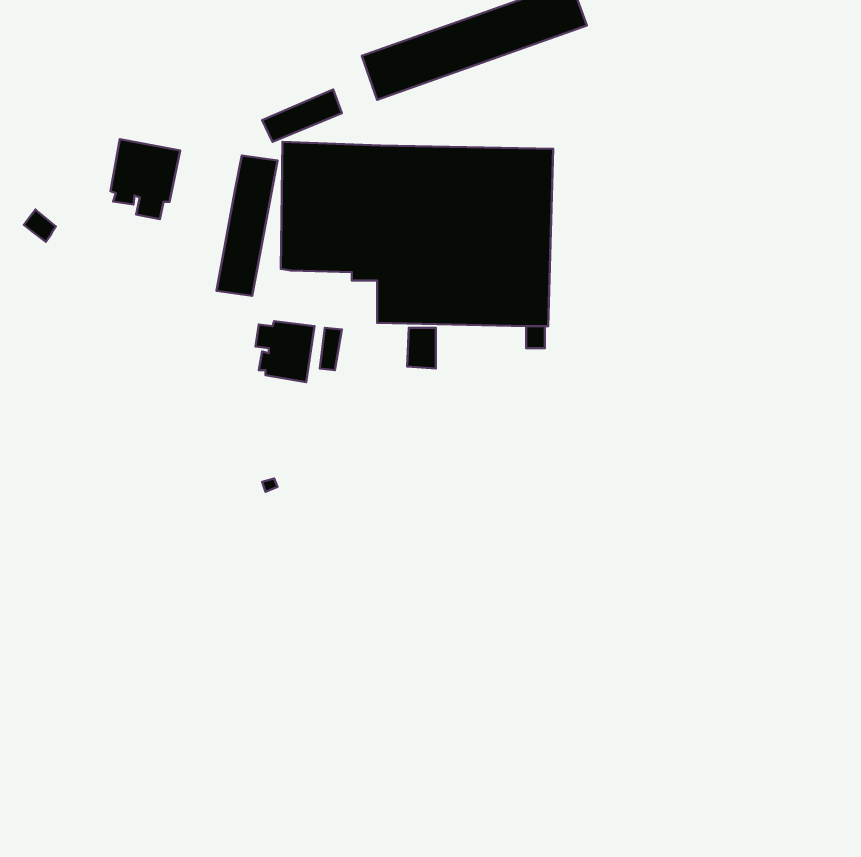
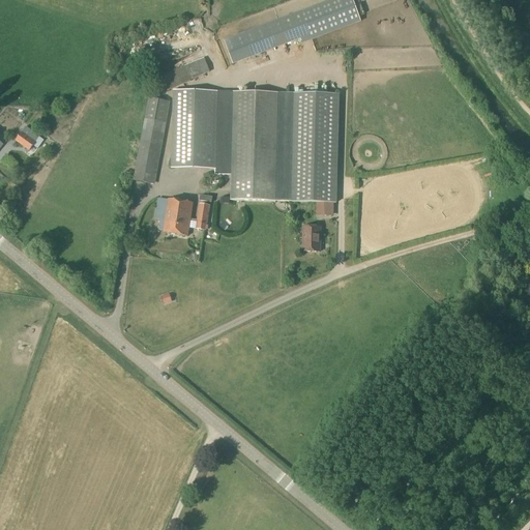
building: [111,139,180,219] -> none
building: [407,328,436,368] -> [303,224,321,248]

